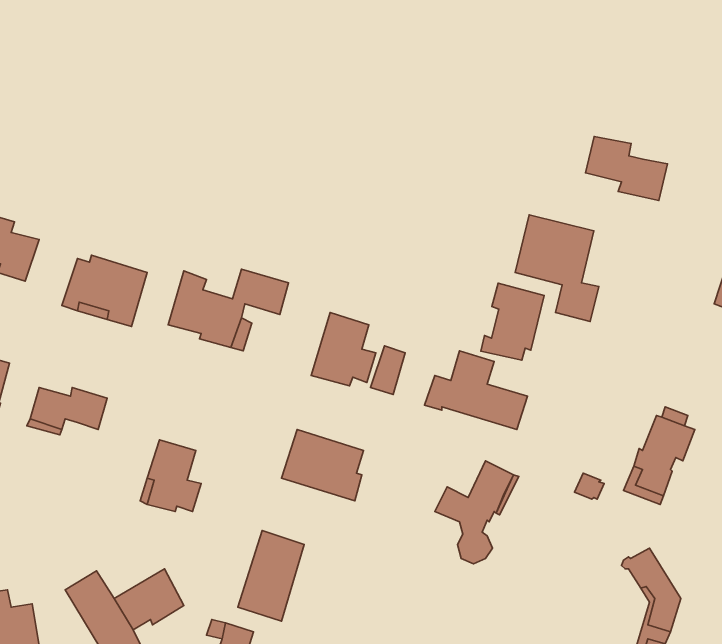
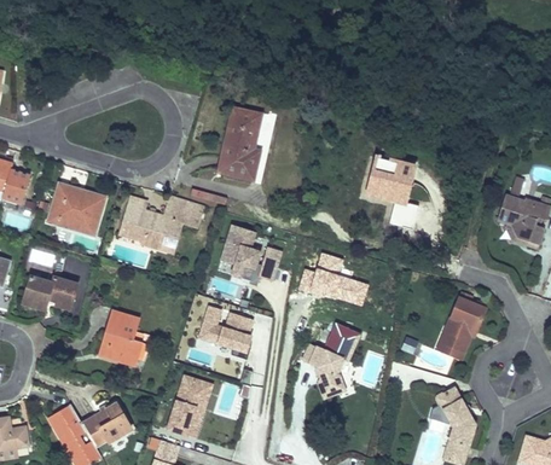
building: [585,136,668,200] -> none
building: none -> [219,106,261,179]
building: [481,283,544,360] -> none

